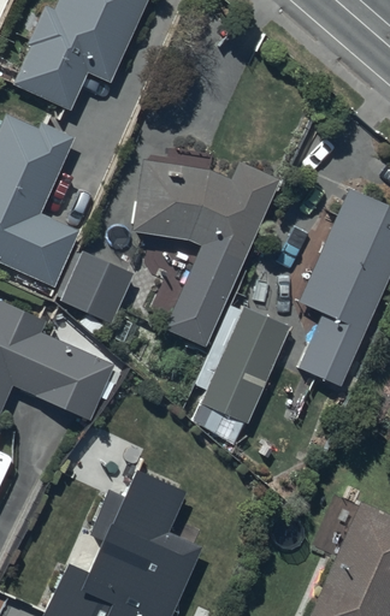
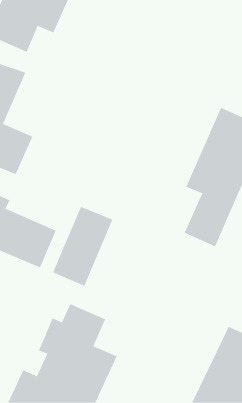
building: [132,160,280,346] -> none
building: [59,253,132,326] -> none
building: [202,306,290,421] -> [52,206,113,287]

